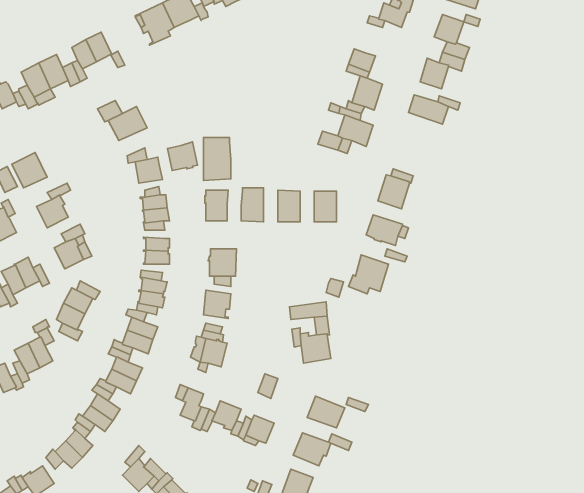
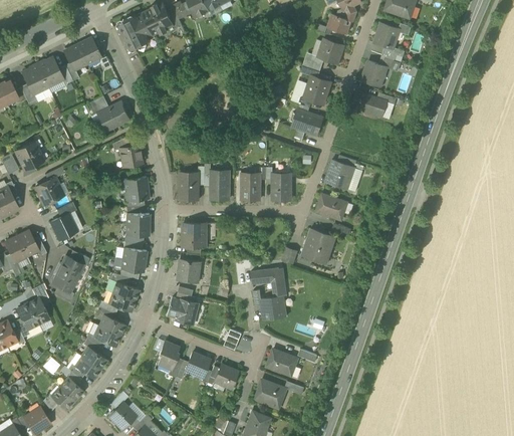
building: none -> [317,38,343,63]
building: [204,137,231,180] -> none
building: [167,142,197,171] -> none

